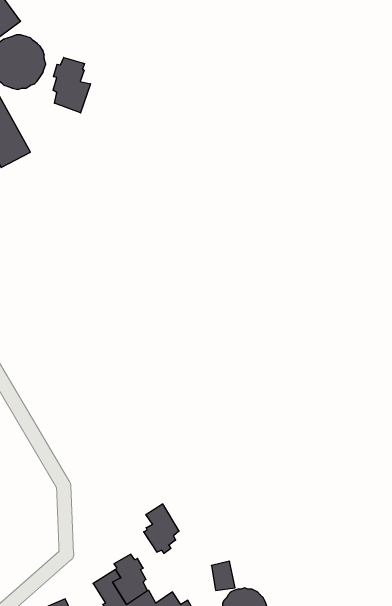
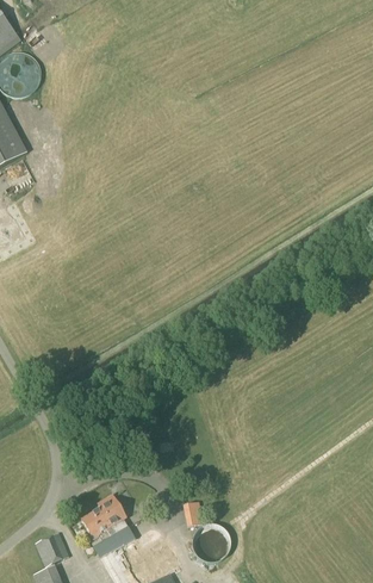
building: [53,57,90,113] -> none
building: [144,504,179,553] -> none

